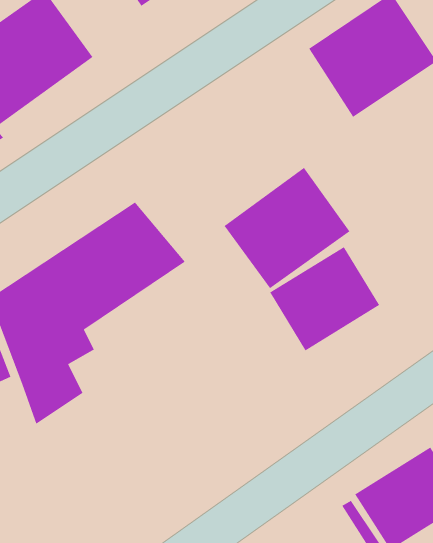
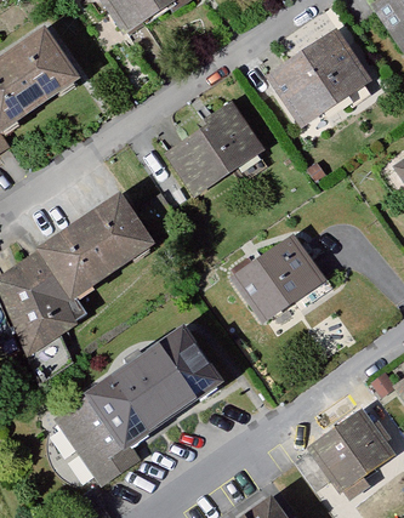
building: [224,167,350,289] -> [158,96,264,199]
building: none -> [91,330,229,451]
building: none -> [49,395,118,478]

